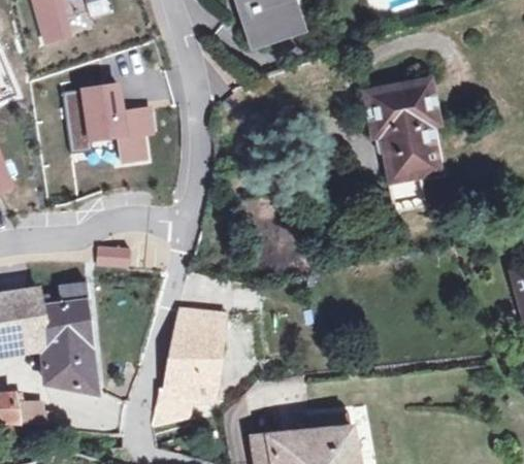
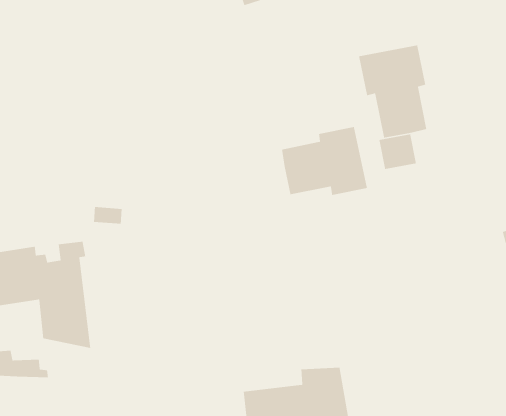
building: [65,84,153,160] -> none
building: none -> [281,126,368,196]
building: [152,311,224,426] -> none

